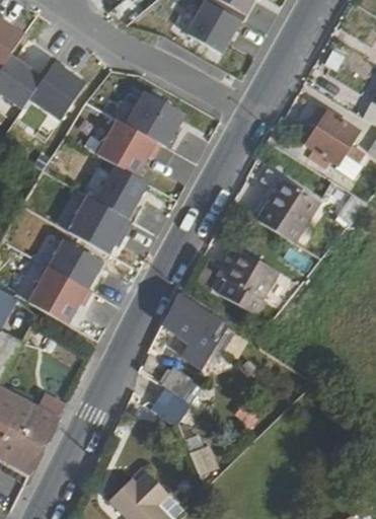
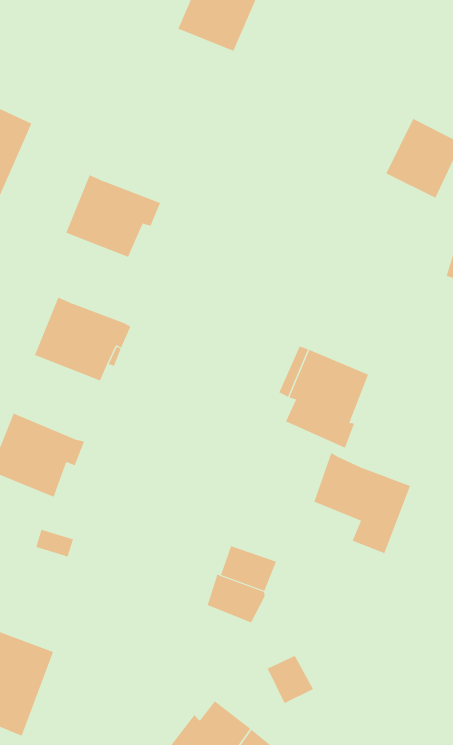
building: [124,91,182,149] -> none
building: [93,165,146,218] -> none
building: [260,179,319,240] -> none
building: [47,239,101,289] -> none
building: [161,296,225,366] -> [314,452,411,554]

